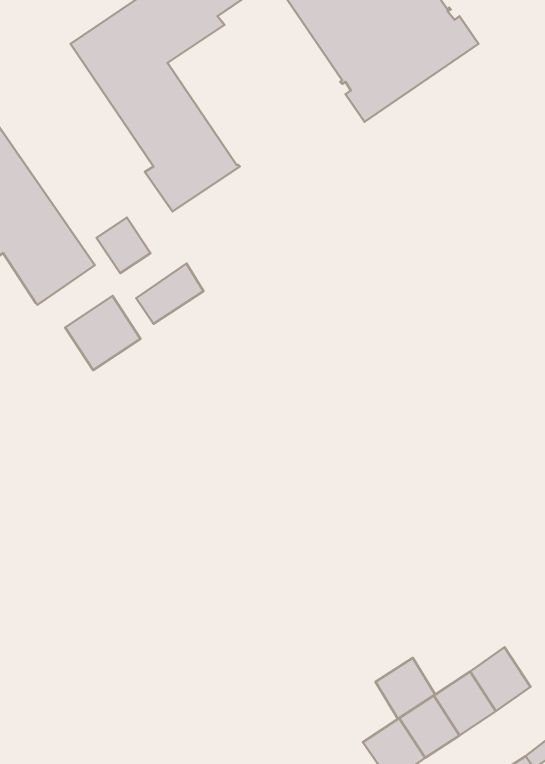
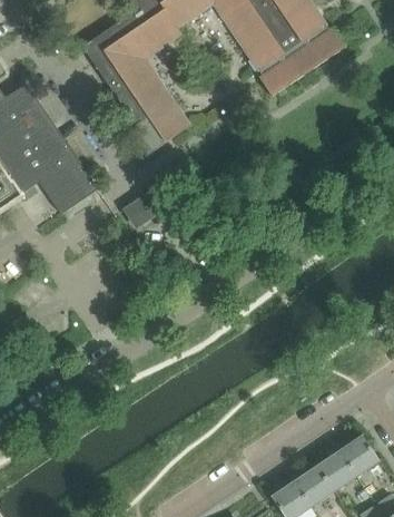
building: [97,218,151,273] -> none
building: [65,296,140,370] -> none
building: [375,658,435,719] -> none

